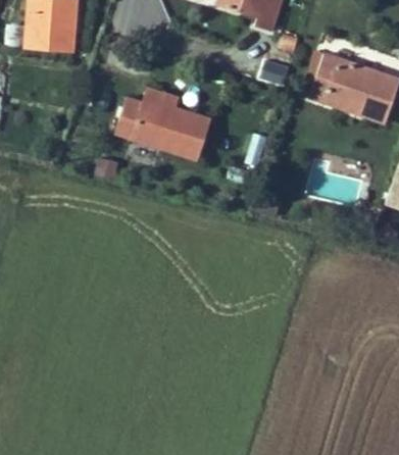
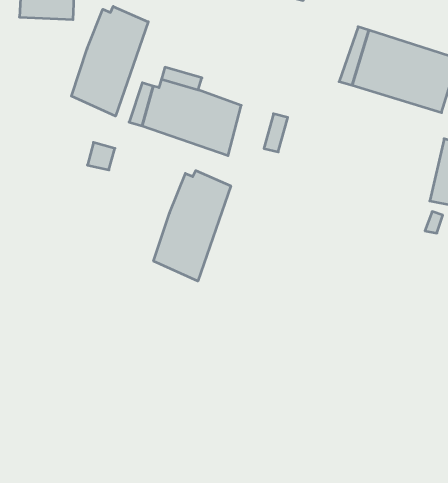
building: none -> [71,6,148,116]
building: none -> [154,171,231,281]

